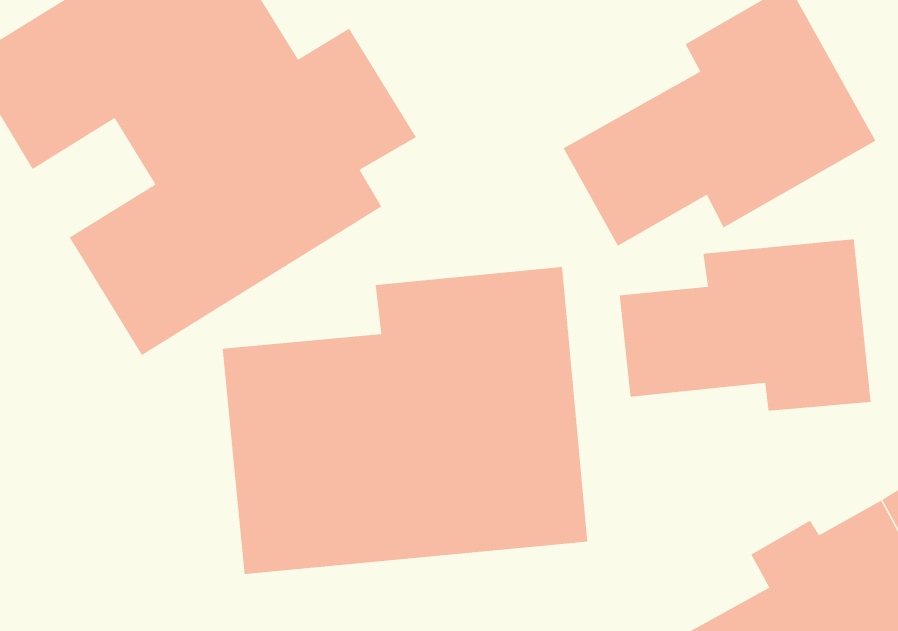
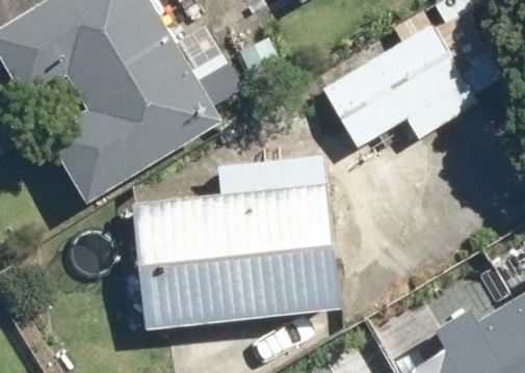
building: [619,239,871,412] -> none

